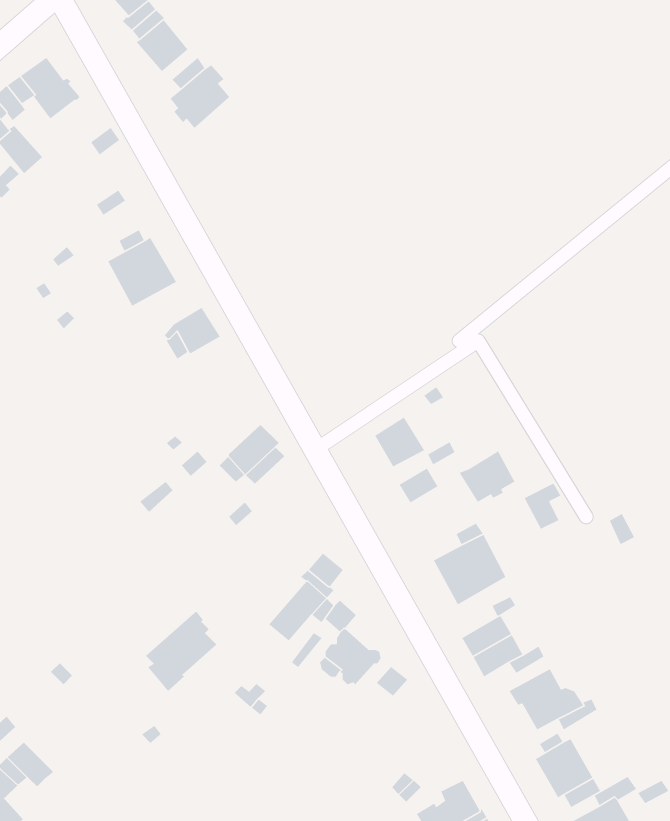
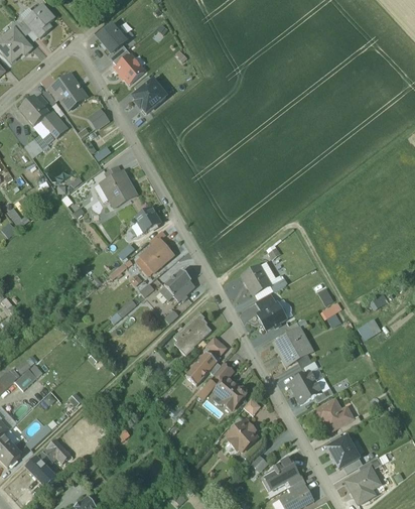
building: none -> [140,239,172,271]
building: [459,450,515,503] -> [256,301,286,330]
building: [145,610,217,692] -> [173,312,212,356]
building: none -> [228,419,256,451]

